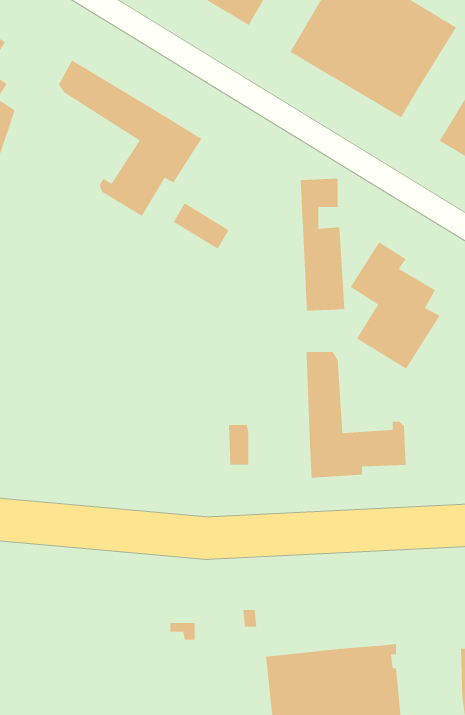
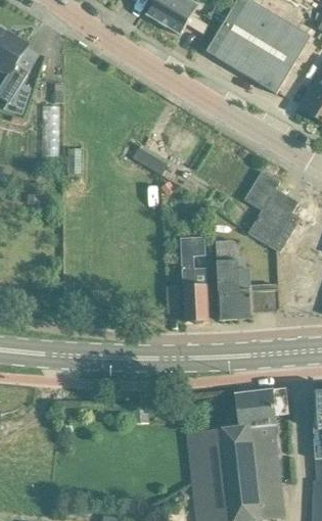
building: [58,60,202,217] -> none
building: [300,178,345,311] -> [180,237,209,321]
building: none -> [235,388,287,427]

